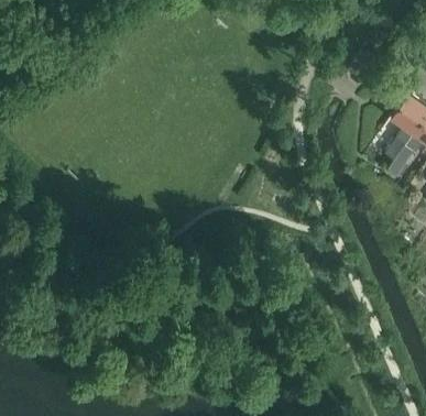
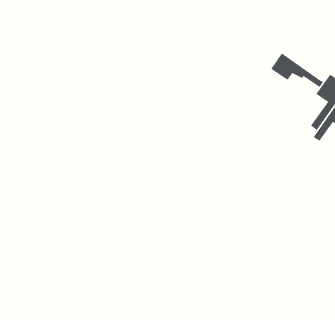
building: none -> [271,53,324,88]

